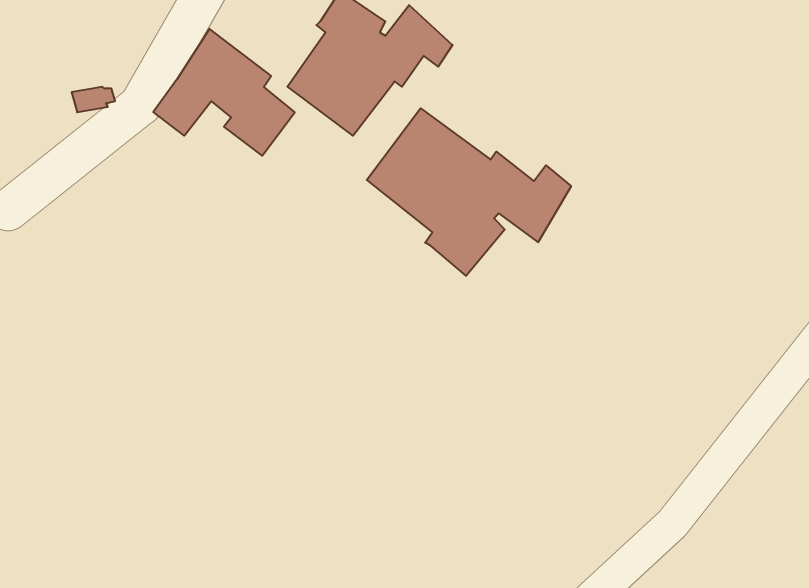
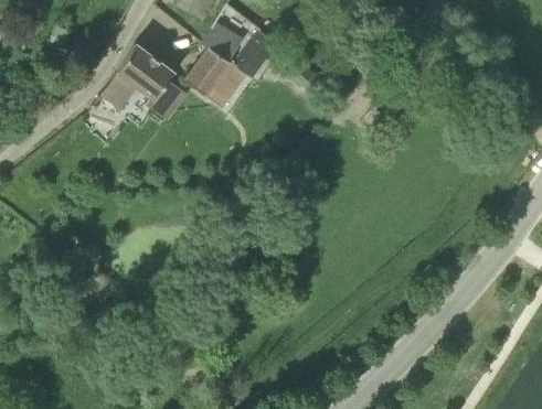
building: [367,108,571,276] -> none

